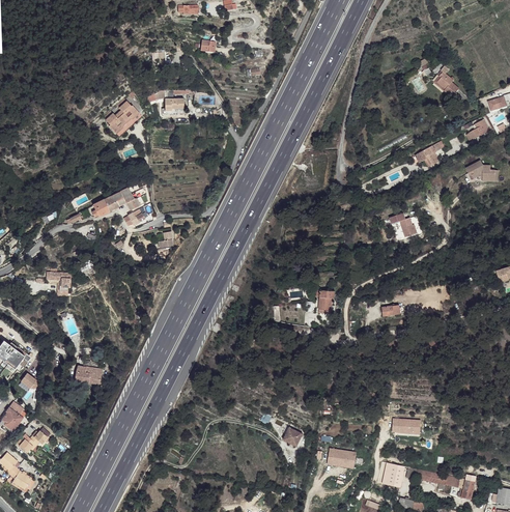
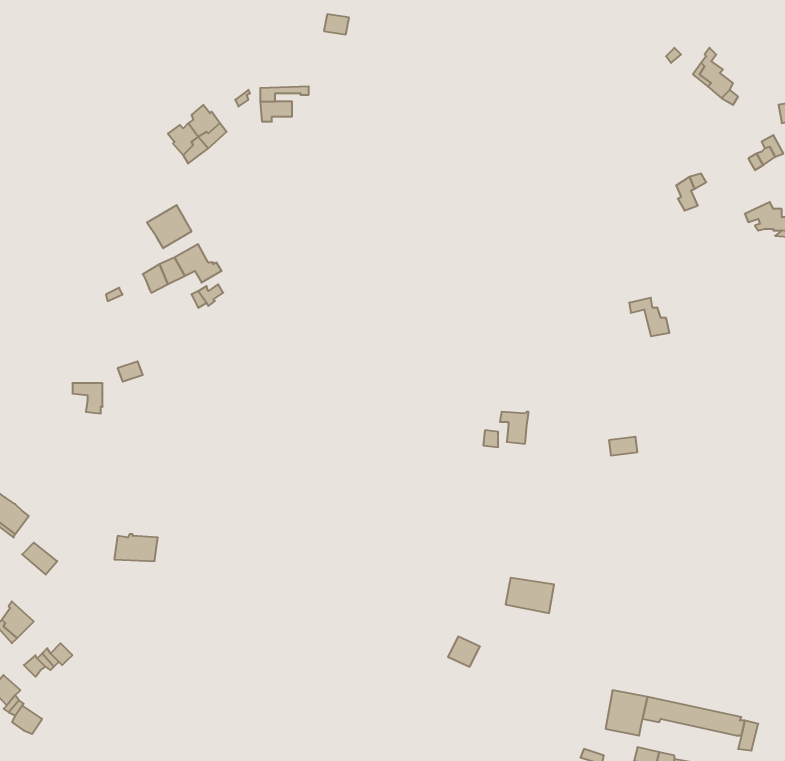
building: none -> [147,205,191,248]
building: [391,419,420,434] -> none
building: [325,447,356,468] -> [506,578,554,613]

